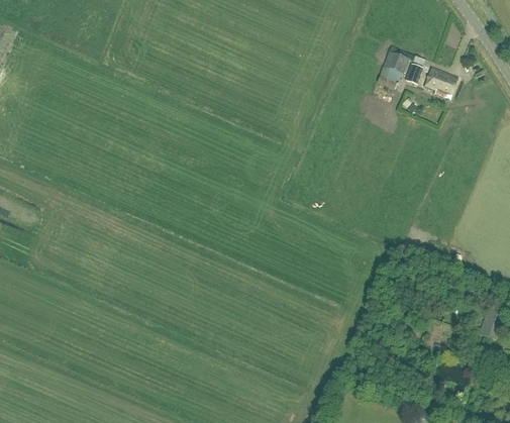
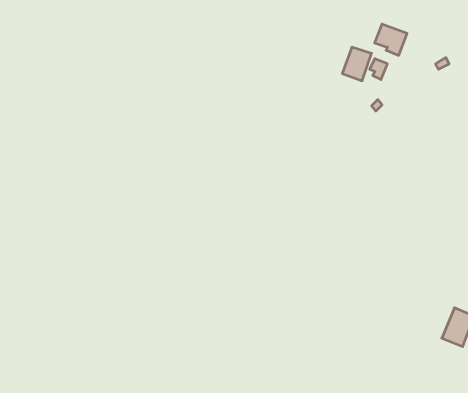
building: [423,68,454,98] -> [375,24,407,55]

